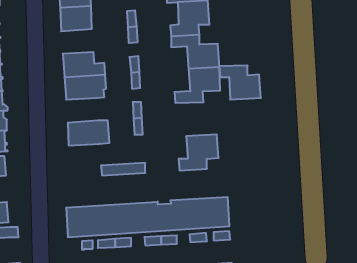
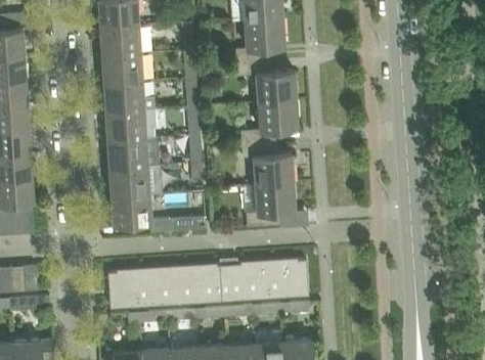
building: none -> [102,53,142,84]
building: [219,65,261,100] -> [243,143,294,185]
building: none -> [108,137,160,169]
building: none -> [112,194,151,225]

